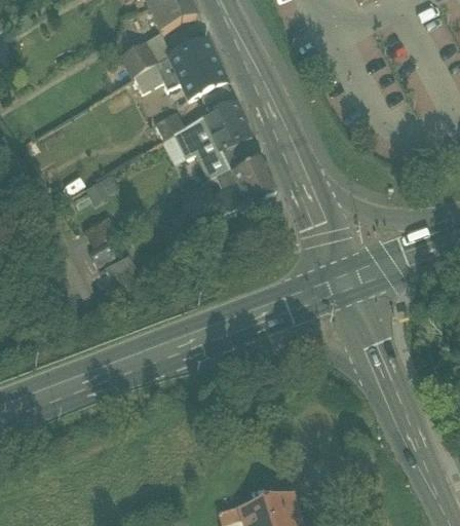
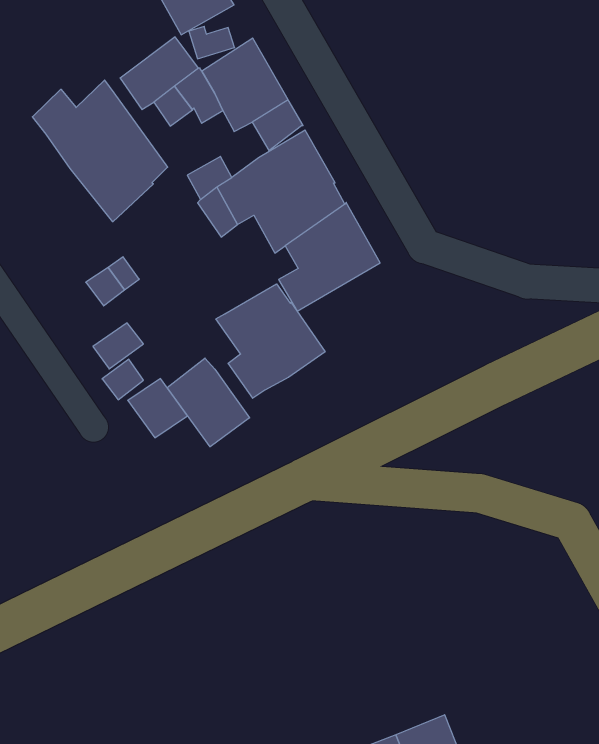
building: none -> [32,80,168,222]
building: none -> [216,284,325,398]
building: none -> [167,358,250,447]

